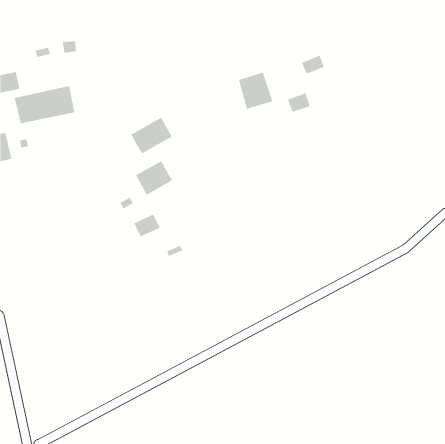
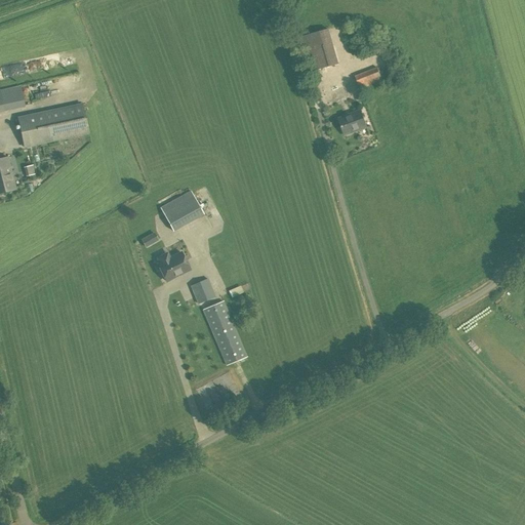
building: [238,72,273,109] -> [297,27,338,71]
building: [131,117,172,154] -> none
building: none -> [201,298,247,364]

